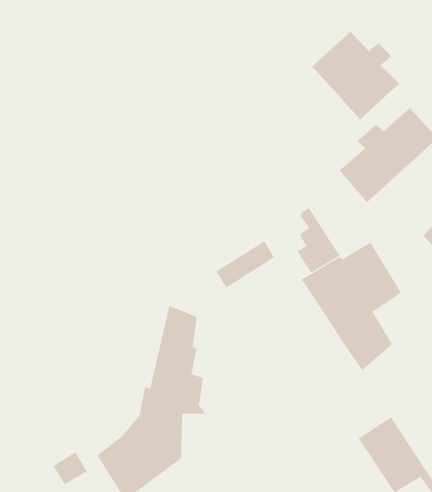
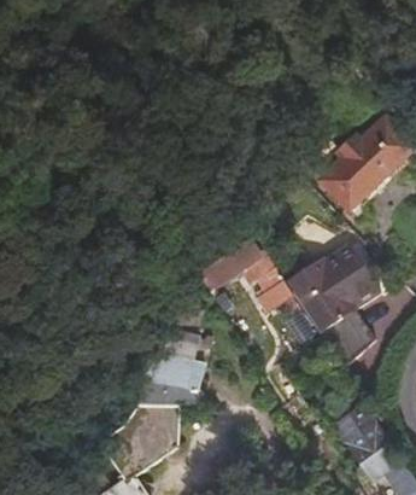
building: [311,31,400,120] -> none
building: [297,207,341,274] -> [258,254,299,315]

